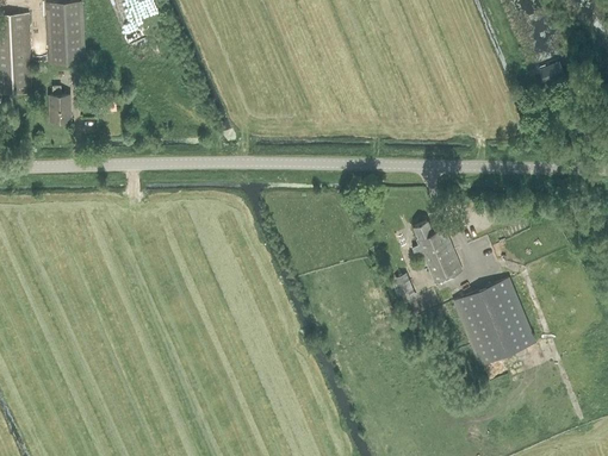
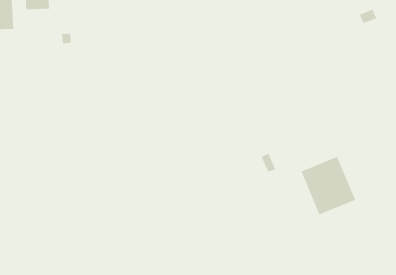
building: [49,85,69,119] -> none
building: [411,220,463,282] -> none

